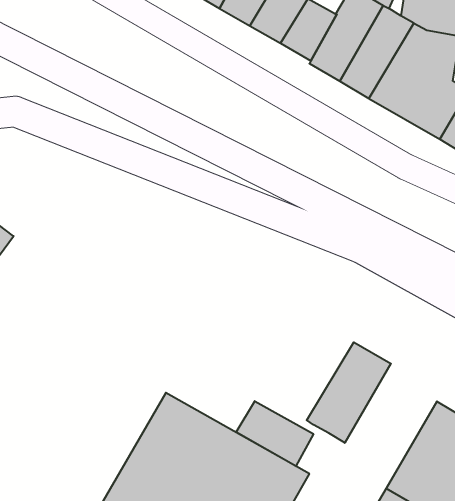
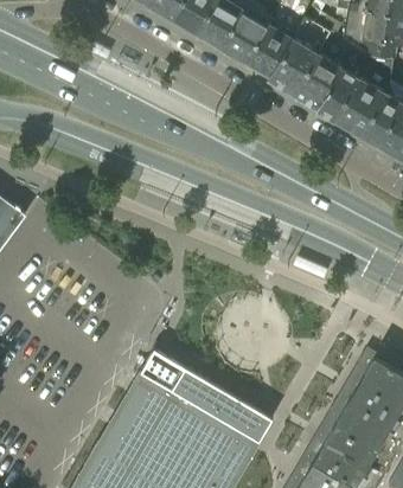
building: [307,342,391,443] -> none
building: [236,401,313,466] -> none

